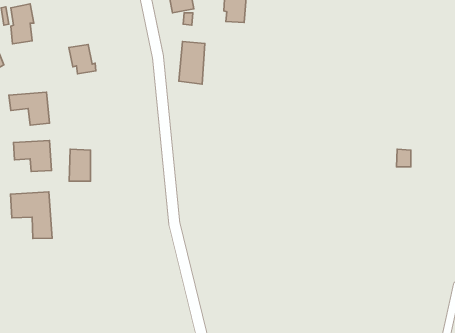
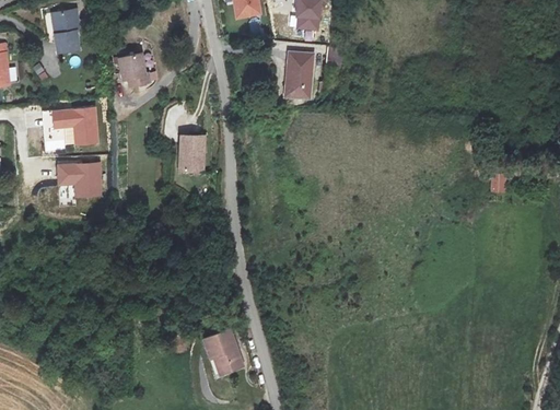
building: [179,42,205,84] -> [284,50,314,98]
building: [69,149,91,181] -> [180,134,205,171]
building: [11,192,52,239] -> none
building: none -> [206,331,243,374]

